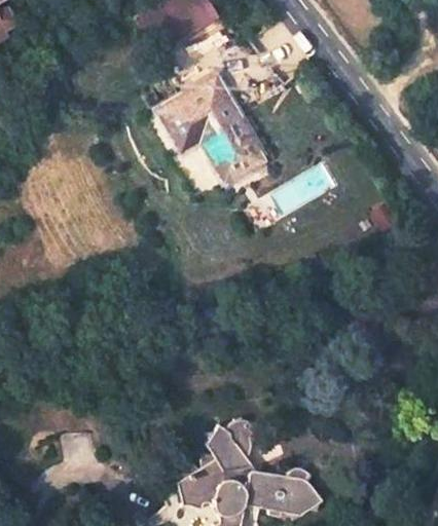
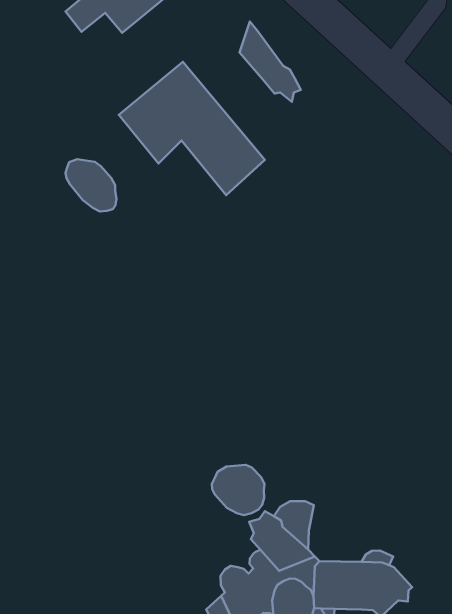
building: none -> [240,22,301,102]
building: none -> [65,159,116,211]
building: none -> [212,465,265,515]

